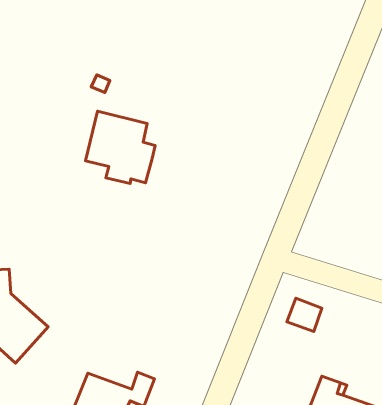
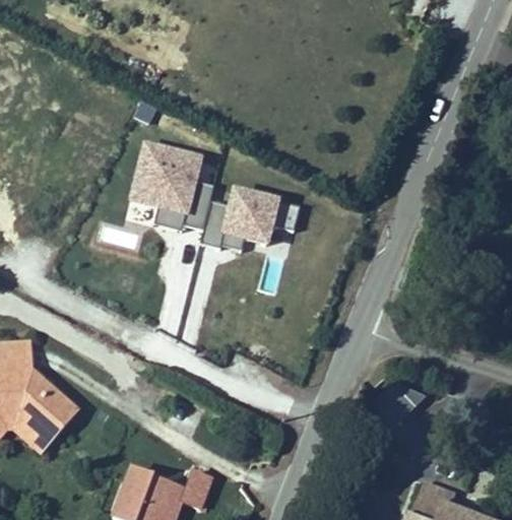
building: none -> [198,188,299,250]

